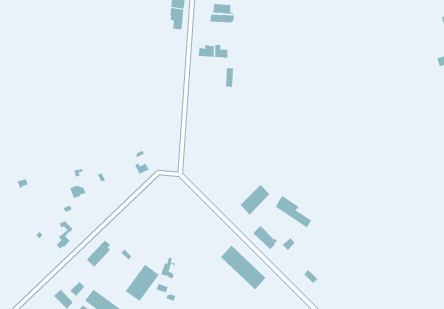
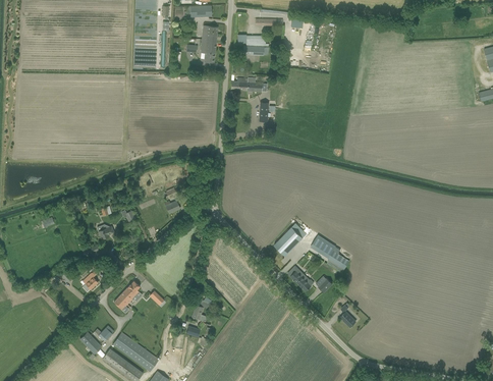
building: [220,245,266,290] -> none
building: [125,264,160,302] -> none

